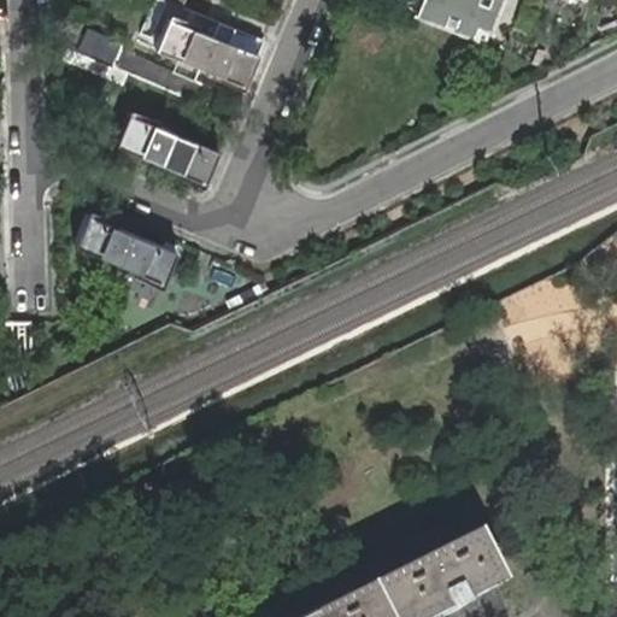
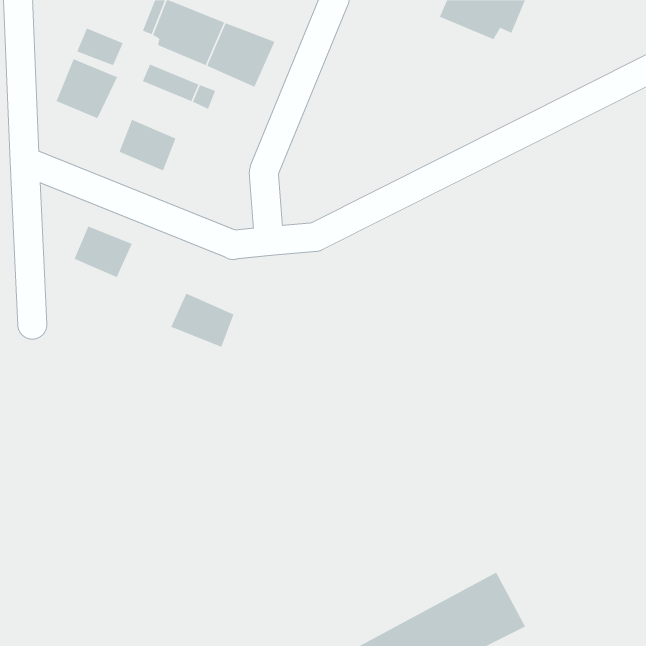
building: none -> [56,58,118,119]
building: [159,131,217,181] -> none
building: [116,230,176,282] -> [170,292,235,348]

